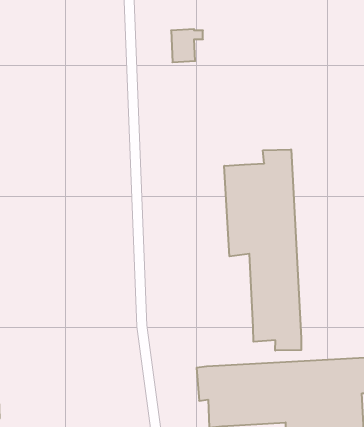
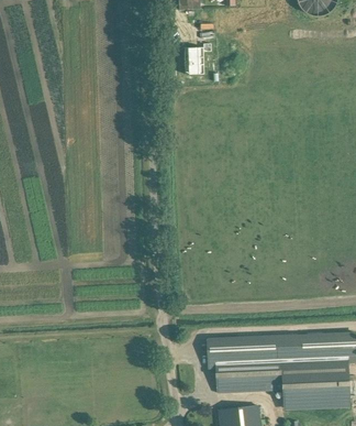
building: [224,149,301,351] -> none

